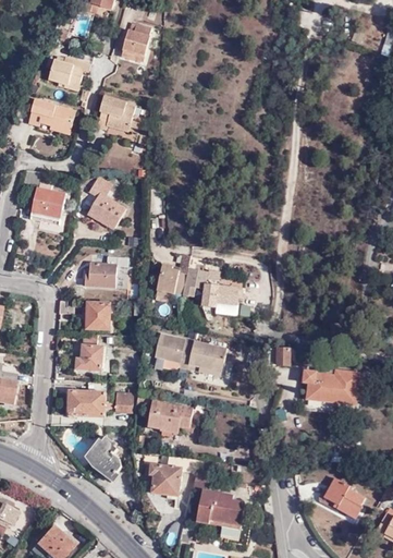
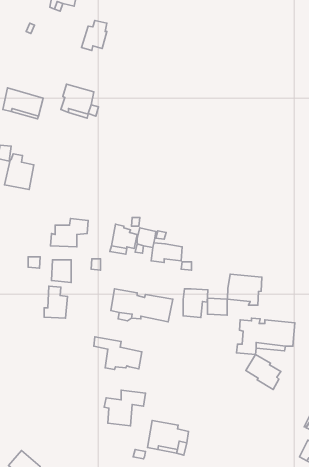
building: [49,54,90,83] -> none
building: [88,174,126,227] -> none
building: none -> [227,274,262,305]
building: none -> [183,289,208,318]
building: [67,389,106,416] -> none
building: [113,390,136,411] -> none
building: [85,435,122,482] -> none
building: [322,481,363,521] -> [246,355,281,389]

